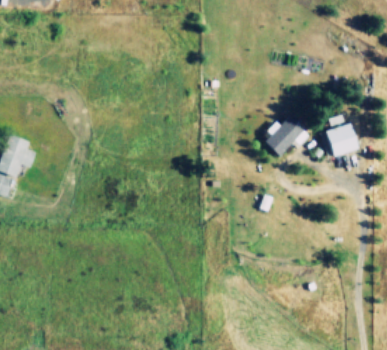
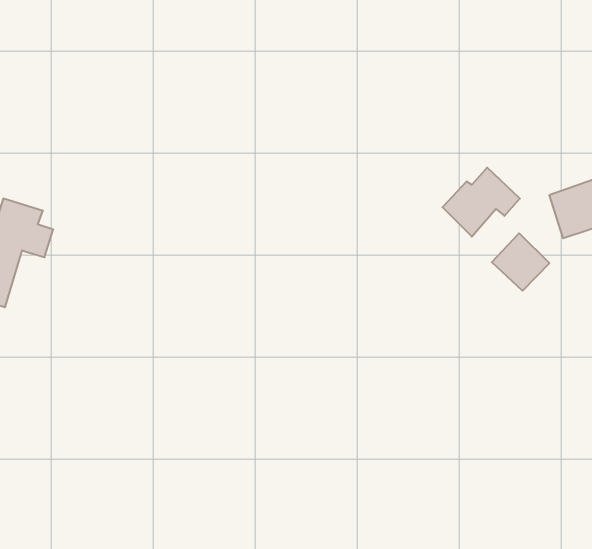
building: none -> [492,233,549,291]

